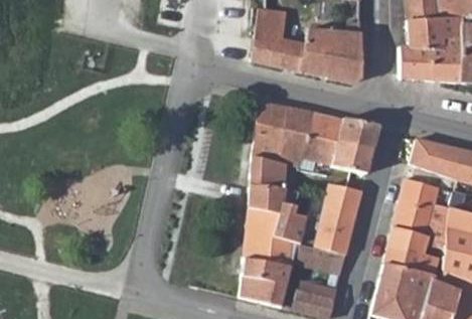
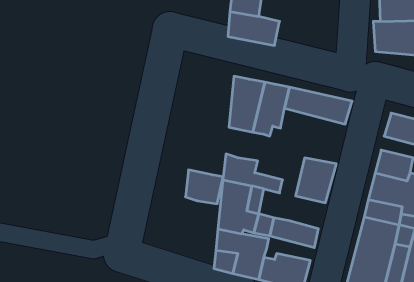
building: [300,31,361,83] -> none
building: [306,135,371,172] -> none
building: [251,154,289,188] -> [185,170,223,204]
building: [315,223,351,257] -> none

